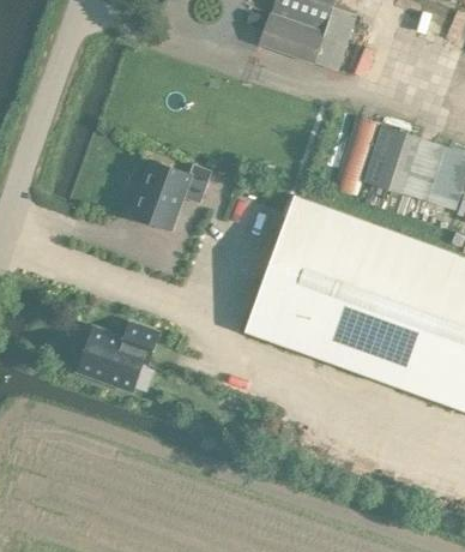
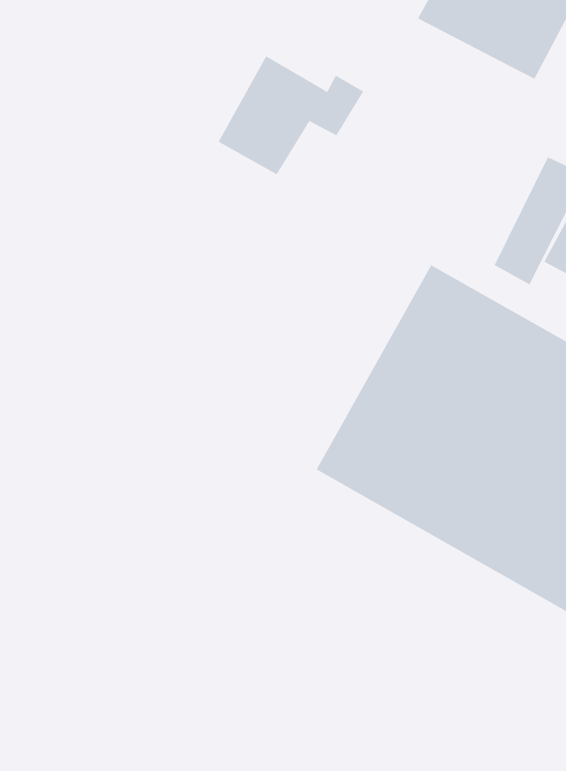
building: [129,160,213,232] -> [218,55,364,175]
building: [77,323,157,391] -> none

